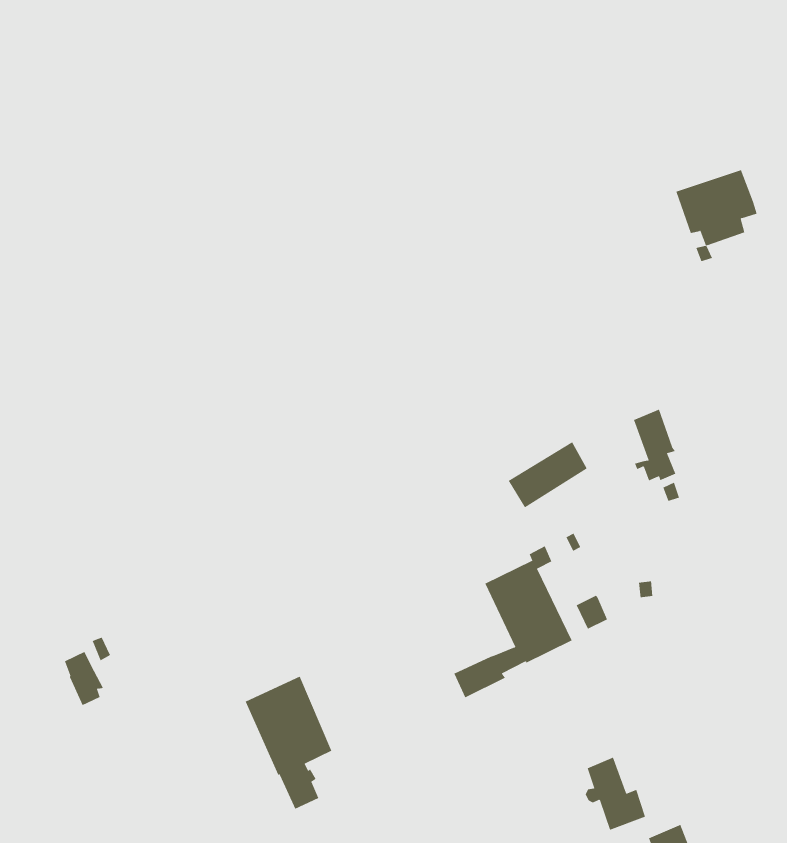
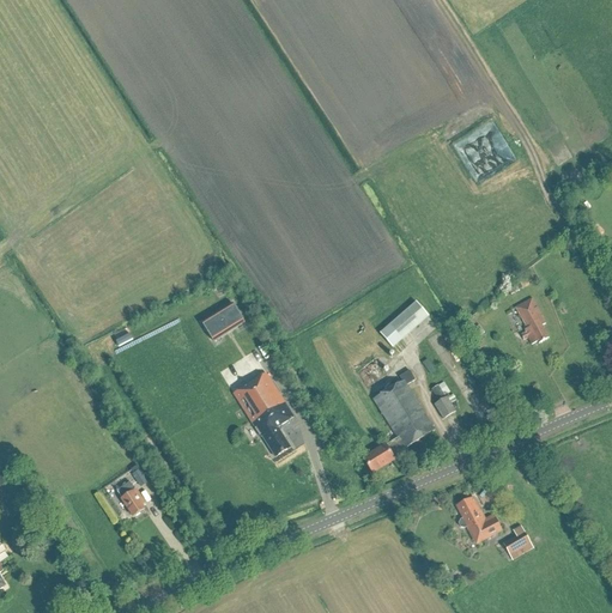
building: none -> [200,301,243,340]
building: [633,409,676,481] -> [515,296,547,342]
building: [245,676,332,810] -> [232,370,292,455]

